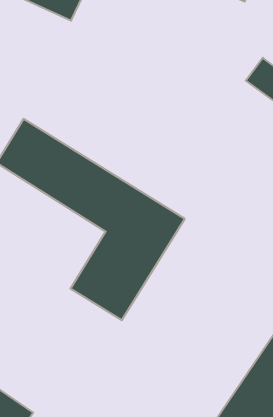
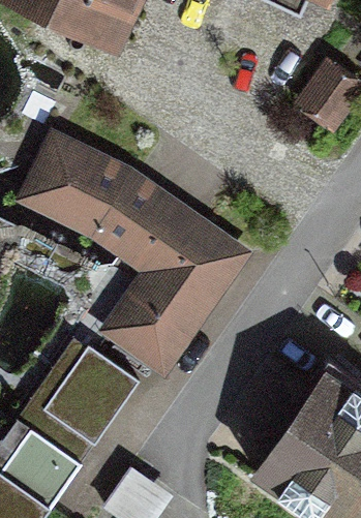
building: none -> [46,348,138,444]

